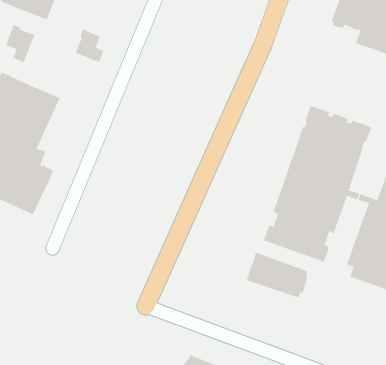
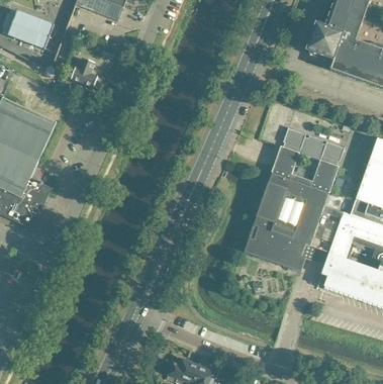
building: [5,24,35,63] -> none
building: [246,252,308,298] -> none

